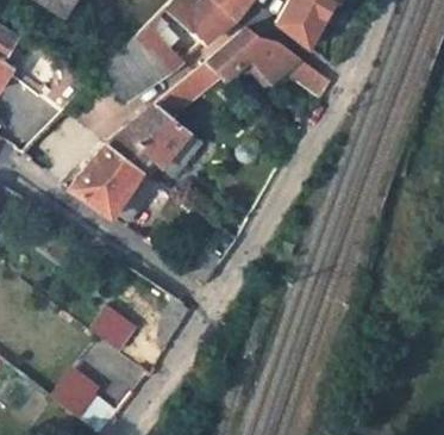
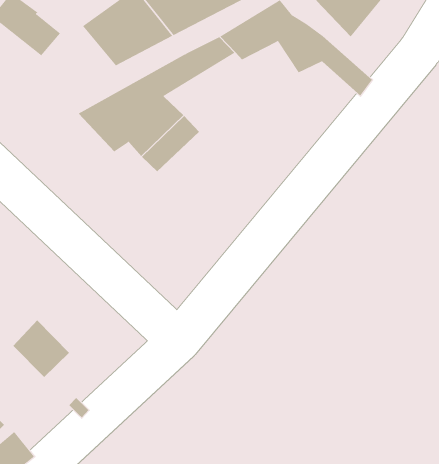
building: [69,142,155,222] -> none

